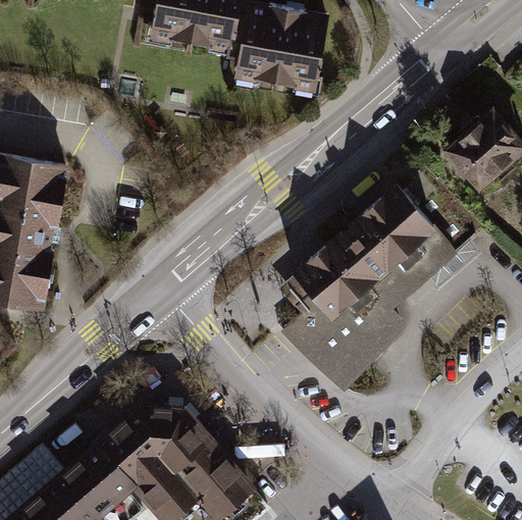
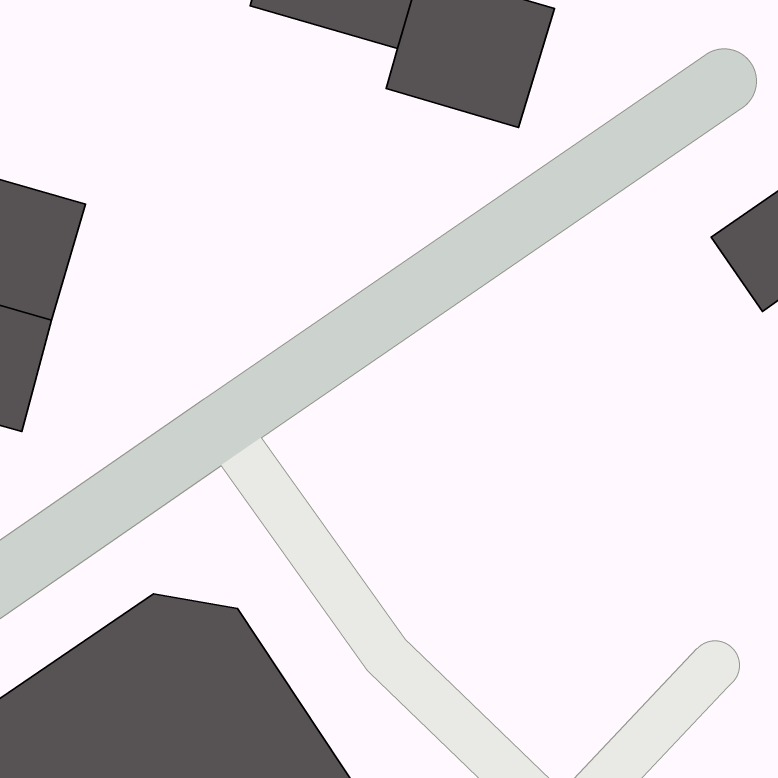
building: [280,190,453,386] -> none

